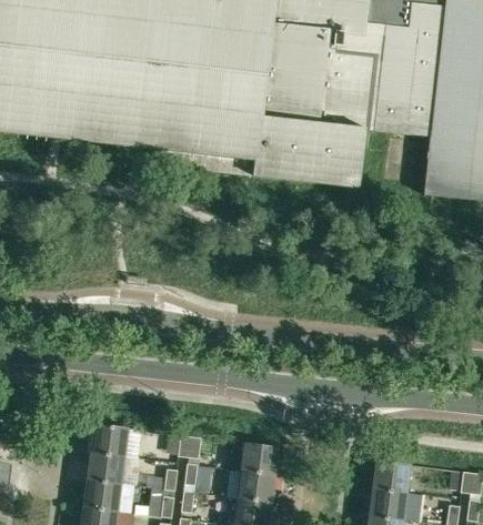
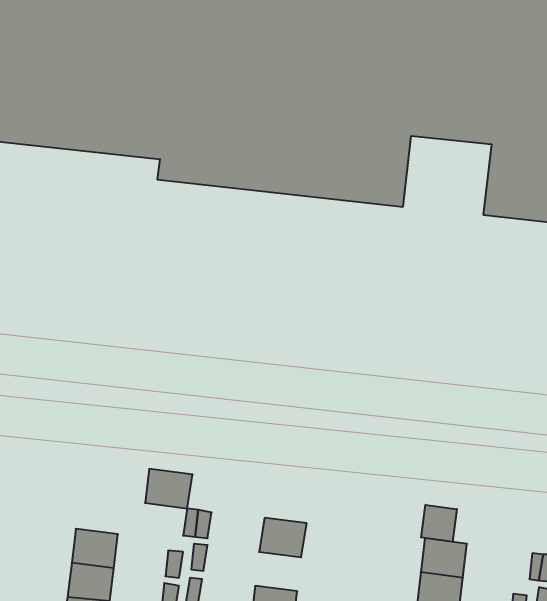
building: [91,423,130,455] -> [145,469,193,508]
building: none -> [421,505,457,542]
building: [238,470,275,502] -> none

